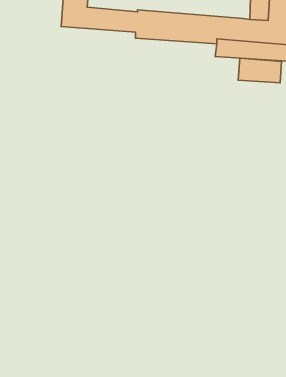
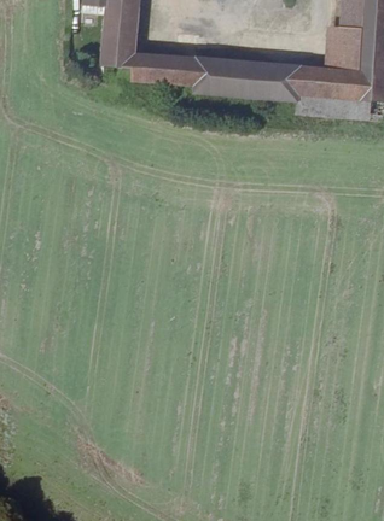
building: [238,58,282,83] -> none

